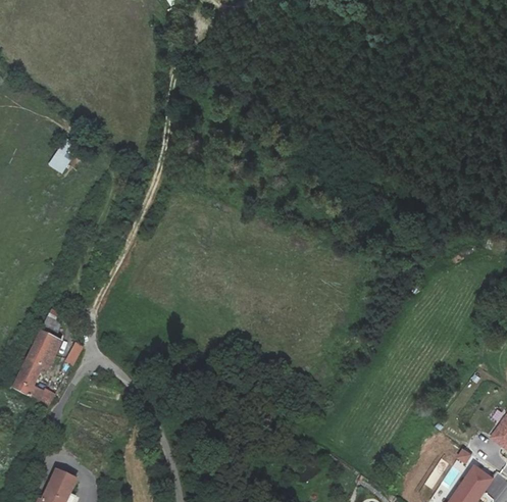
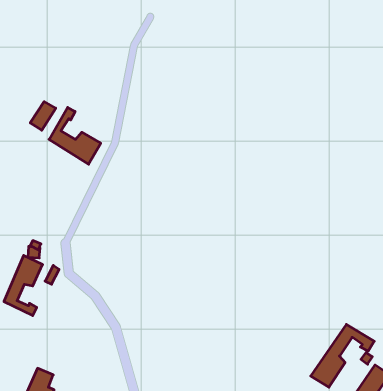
building: none -> [49,107,101,164]
building: none -> [311,324,374,387]

